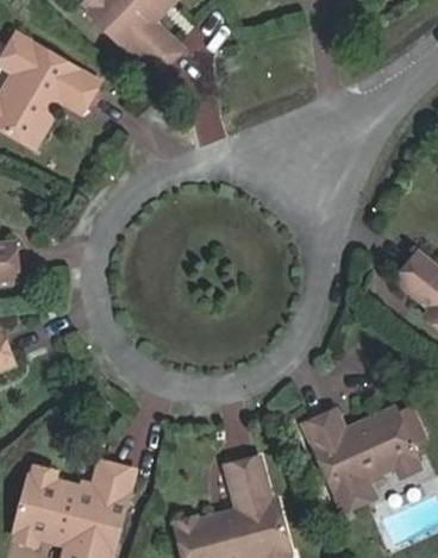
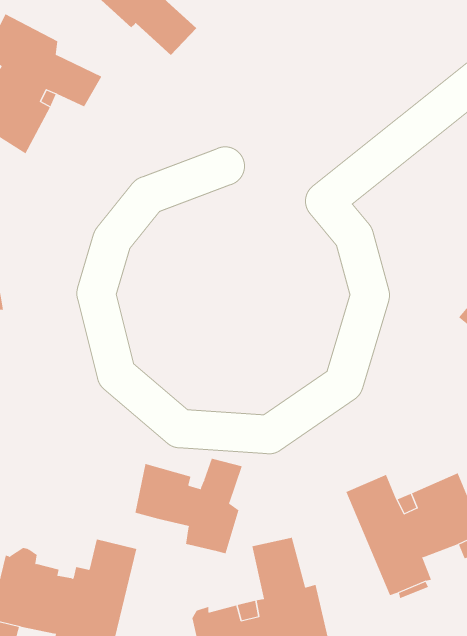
building: none -> [135,458,243,554]

